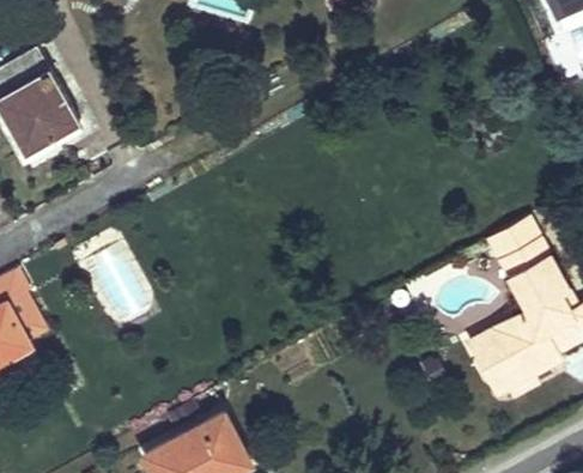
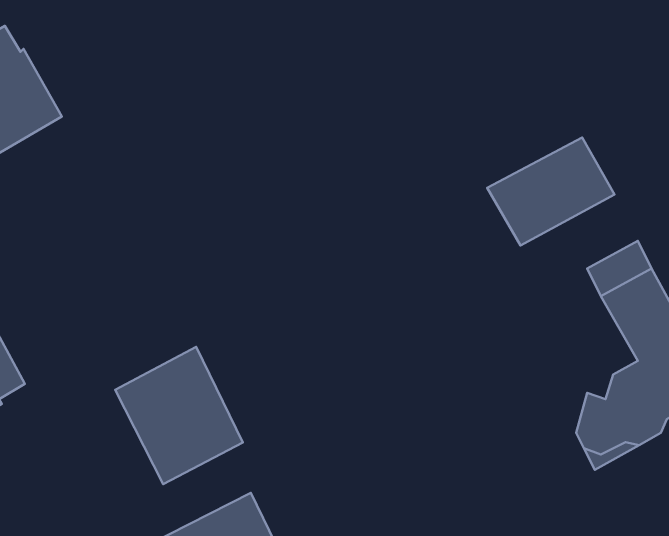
building: none -> [487,137,614,246]
building: none -> [115,347,243,484]

